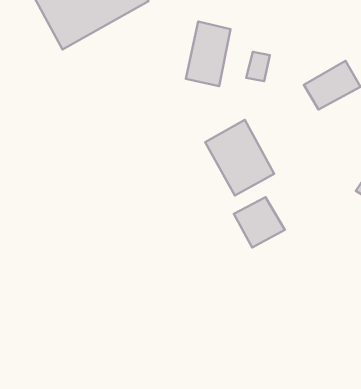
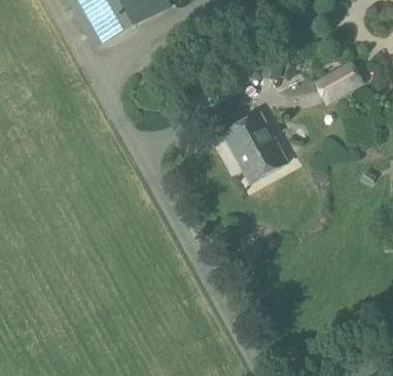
building: [186,22,231,86] -> none
building: [234,197,285,248] -> none

